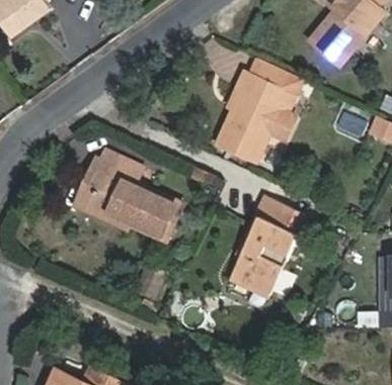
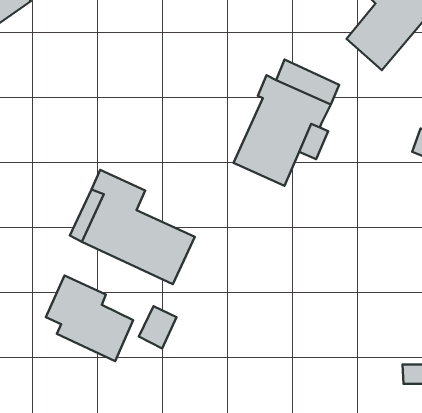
building: [229,198,304,296] -> none
building: none -> [46,276,133,361]

